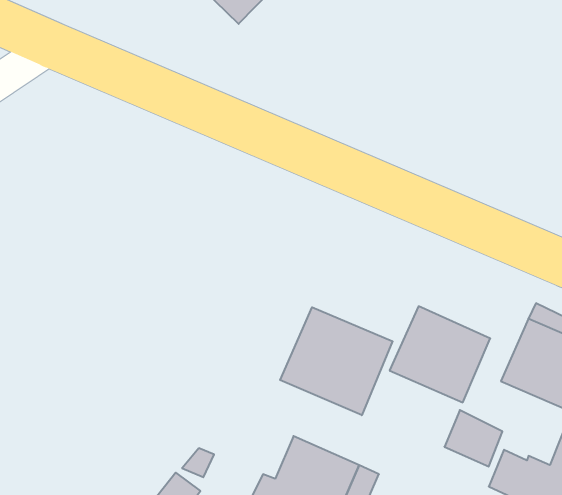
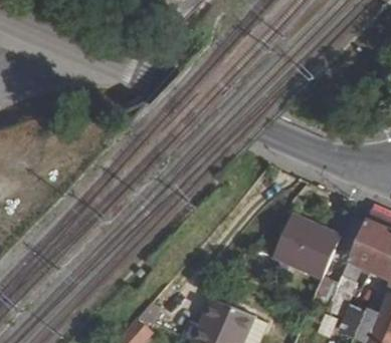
building: [280,307,393,415] -> none

